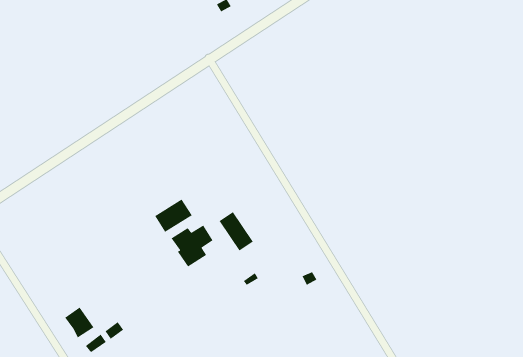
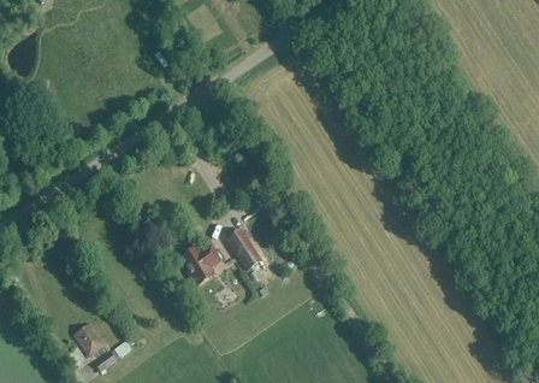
building: [154,199,193,233] -> none

